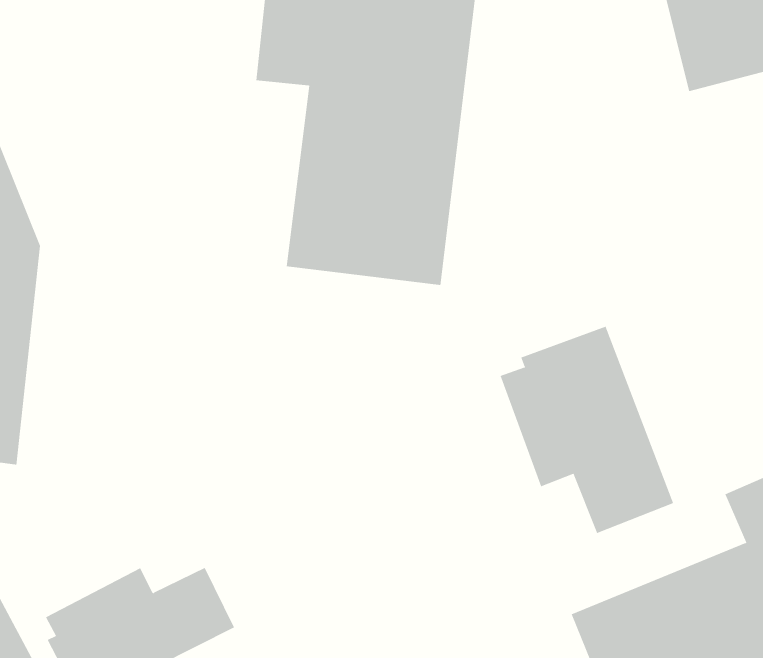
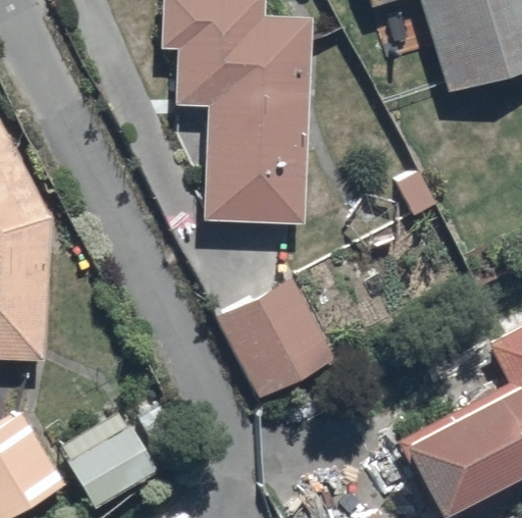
building: [500,326,674,534] -> none
building: none -> [216,274,333,398]

